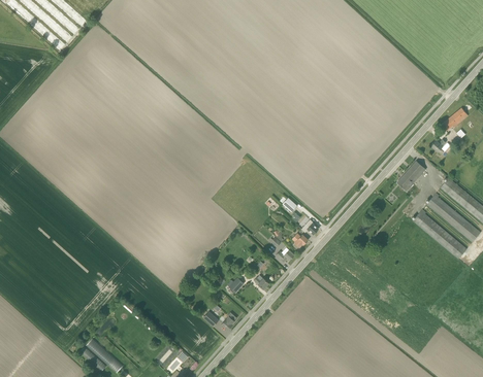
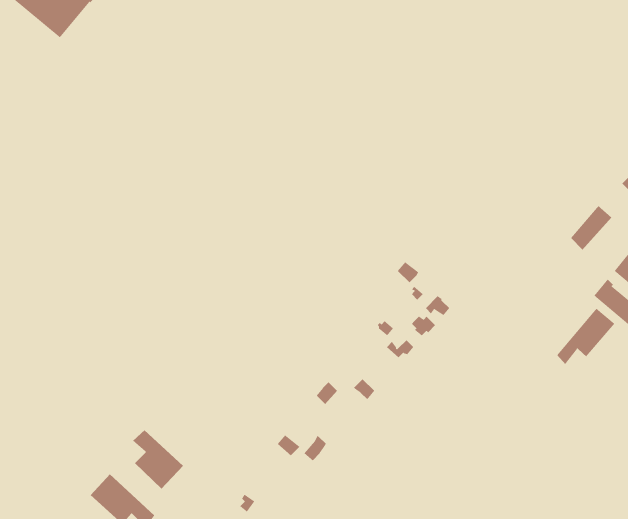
building: none -> [556,308,615,365]
building: none -> [132,430,184,490]

